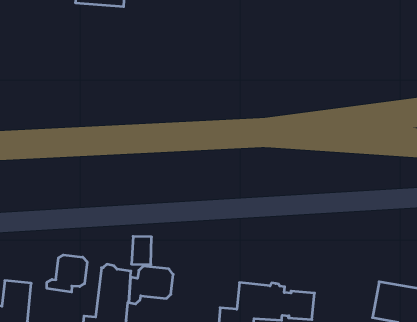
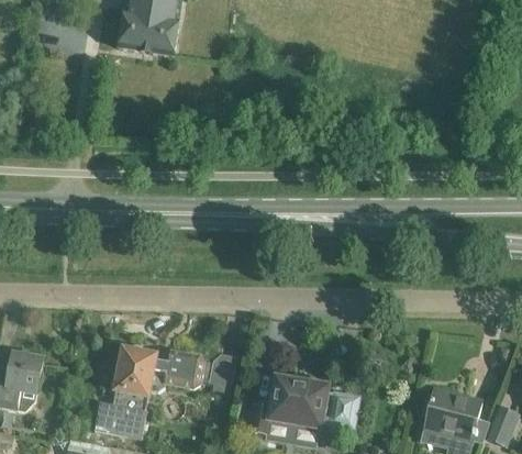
building: [131,236,152,264] -> [208,351,233,384]
building: [47,255,87,292] -> none

